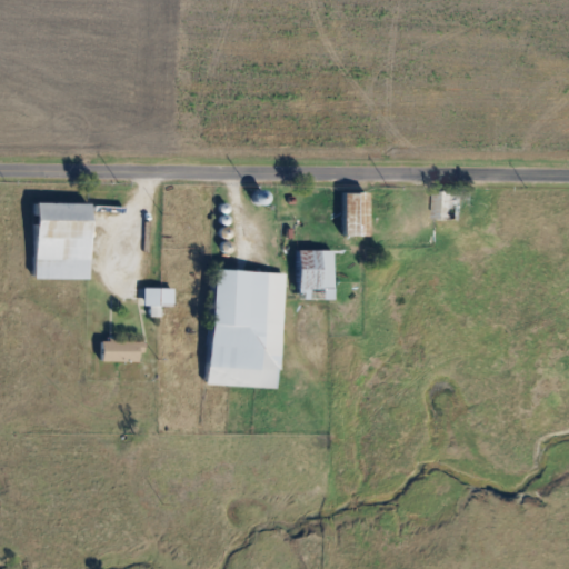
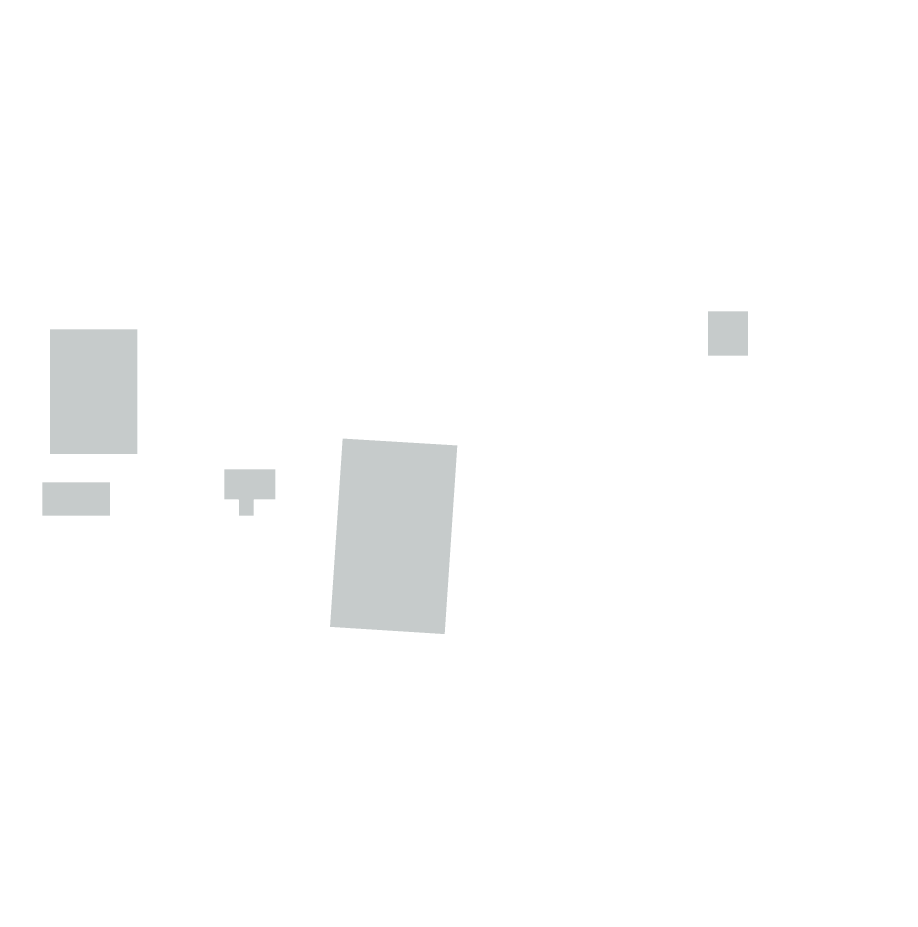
building: [345,191,369,236] -> none
building: [300,249,336,299] -> none
building: [103,340,146,361] -> [42,482,111,516]

